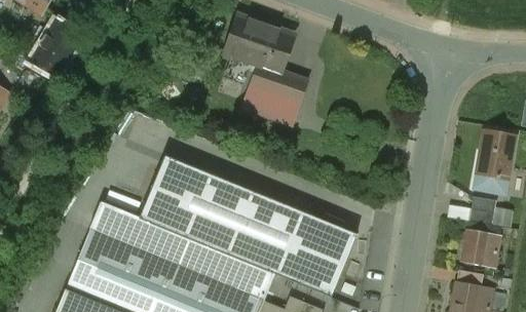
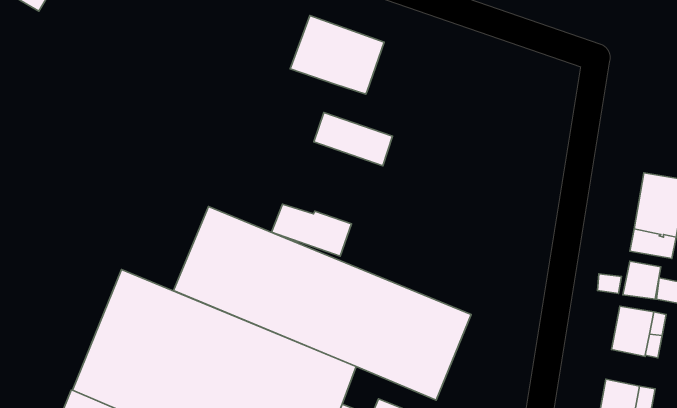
building: [33,22,79,74] -> none
building: [250,67,308,105] -> [271,204,351,256]

